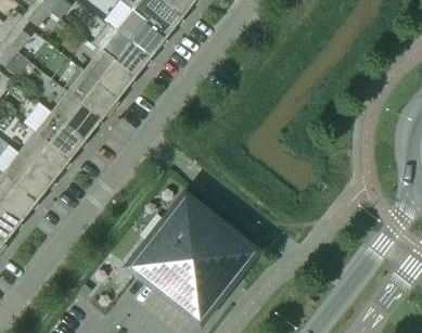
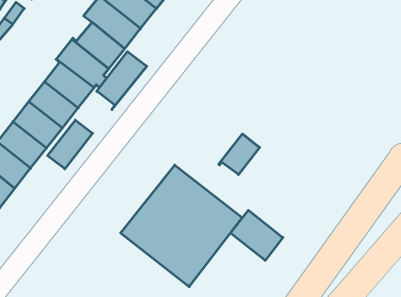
building: none -> [97,52,147,110]
building: none -> [48,120,93,169]
building: none -> [219,134,260,175]
building: none -> [231,210,283,260]

